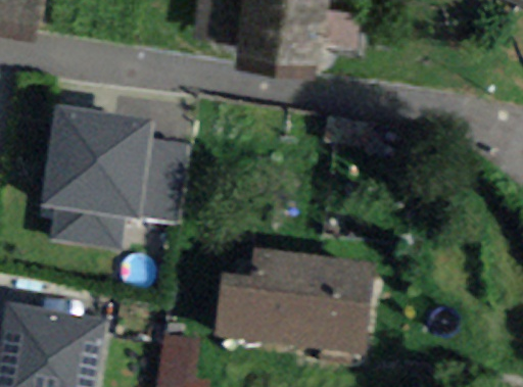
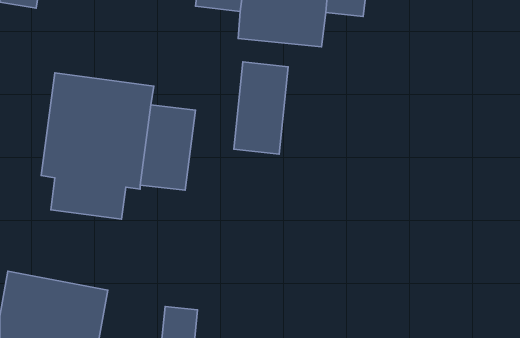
building: none -> [234,62,288,154]
building: [213,246,376,353] -> none

